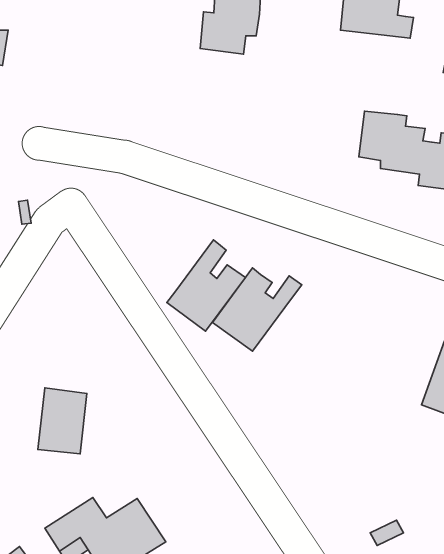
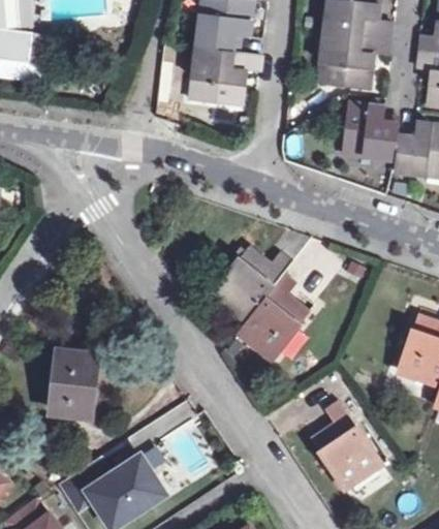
building: none -> [322,31,388,90]
building: none -> [194,48,261,106]
building: [167,240,246,331] -> [239,274,310,356]
building: none -> [310,401,379,486]

